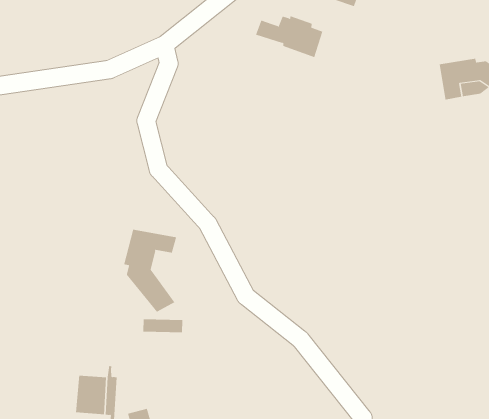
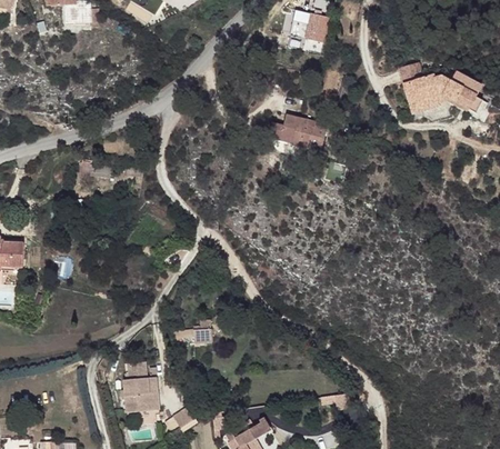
building: [255,16,323,58] -> [270,117,328,150]
building: [124,229,177,312] -> none

